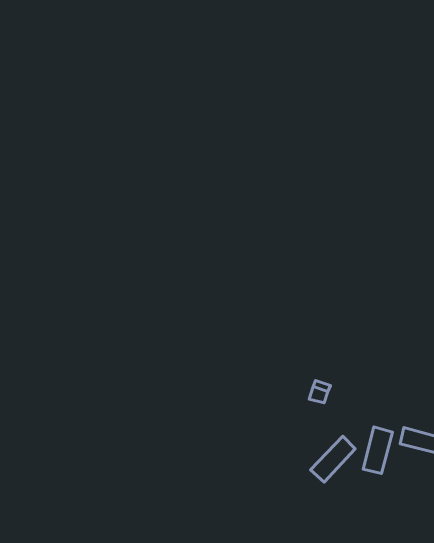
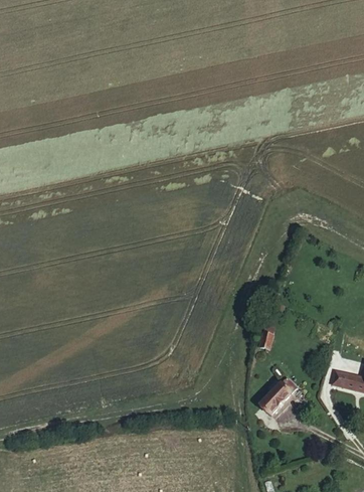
building: [363,427,393,473] -> none

